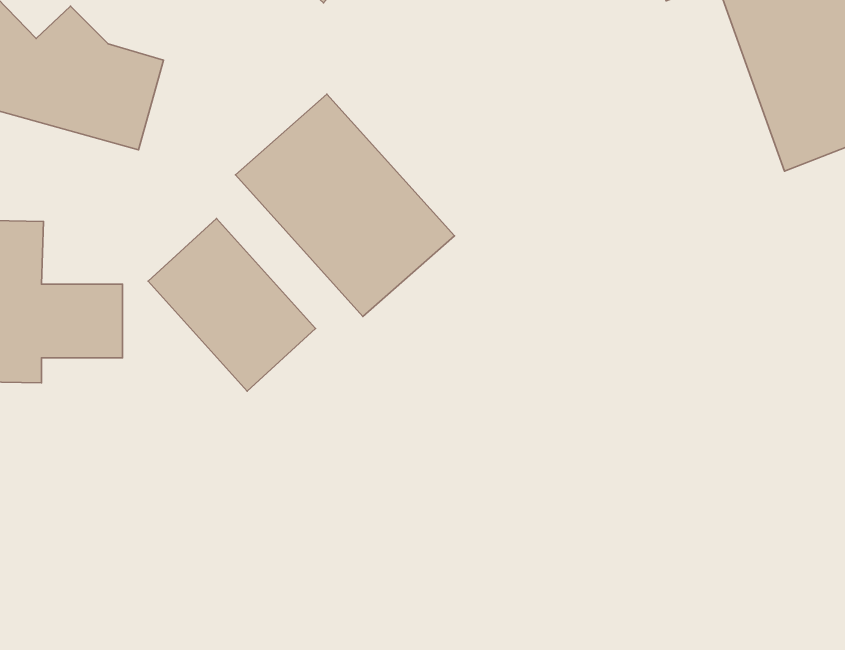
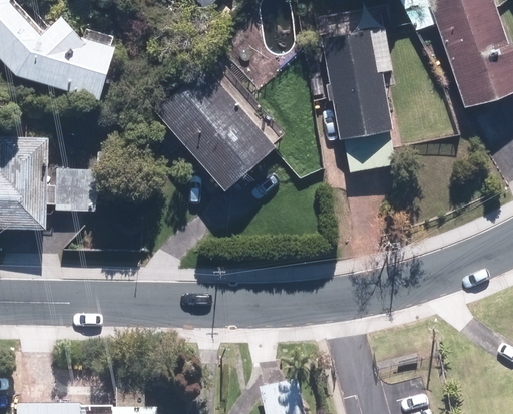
building: none -> [320,31,392,140]
building: [148,219,316,391] -> none

